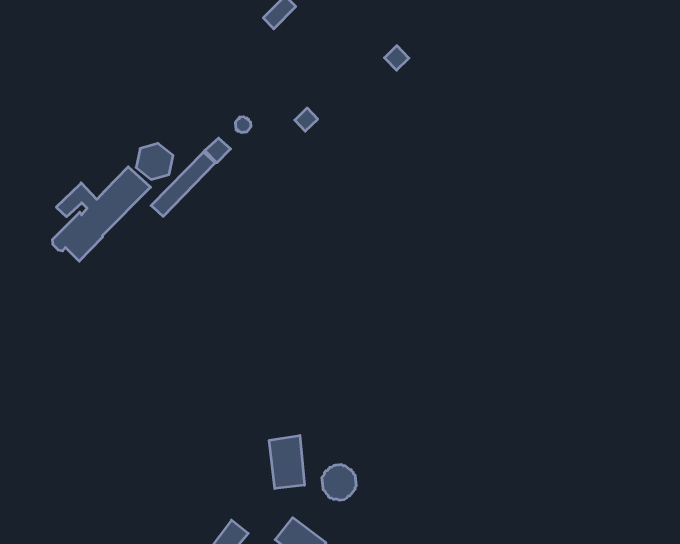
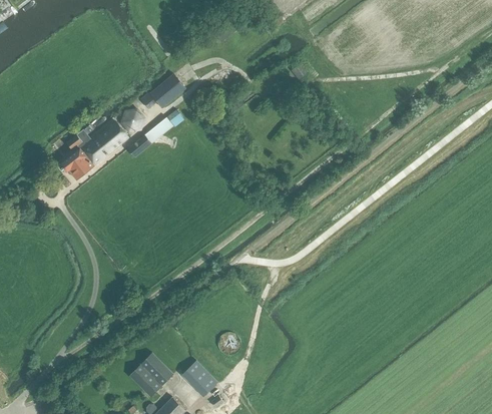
building: none -> [139,74,183,108]
building: [269,435,304,489] -> none

